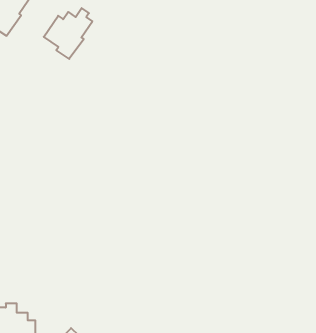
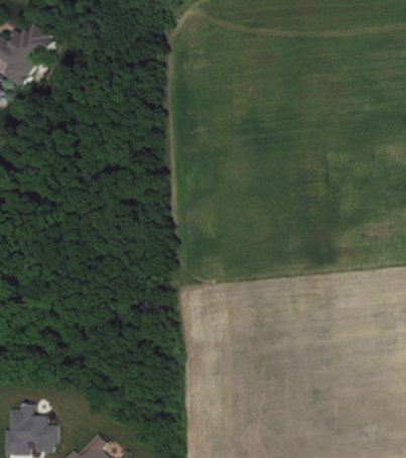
building: [44,8,92,59] -> none

